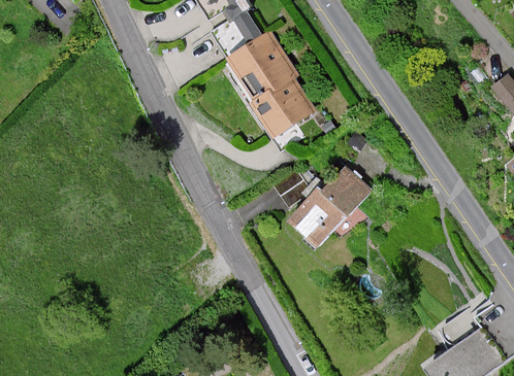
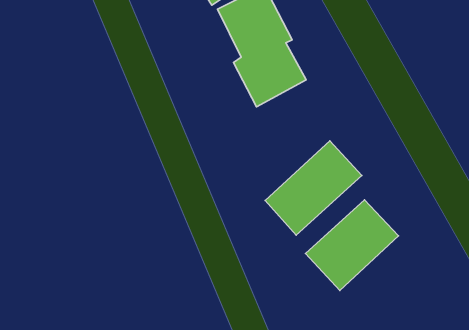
building: none -> [306,200,398,291]

